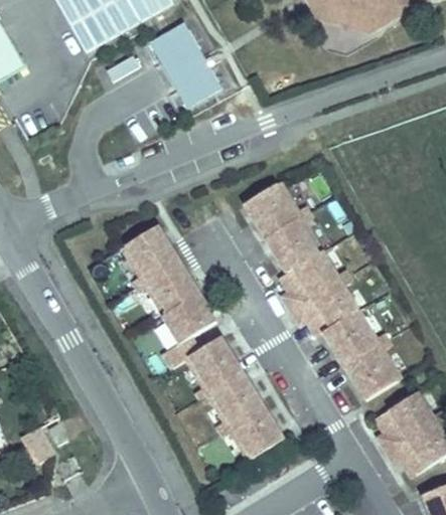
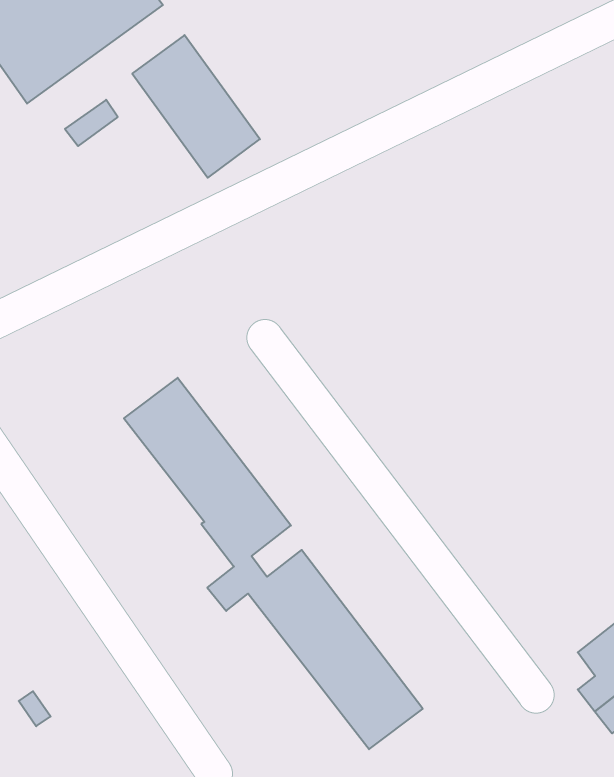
building: [247,190,404,406] -> none

